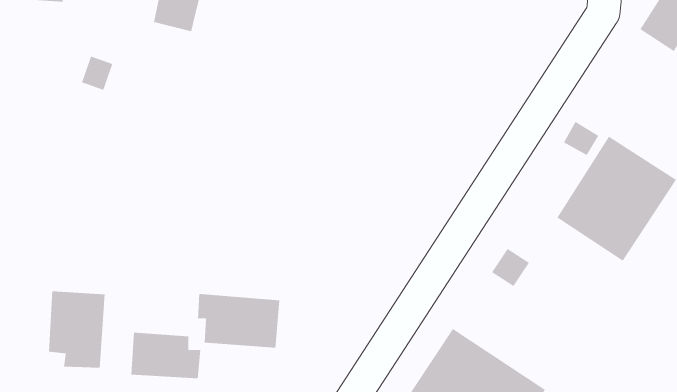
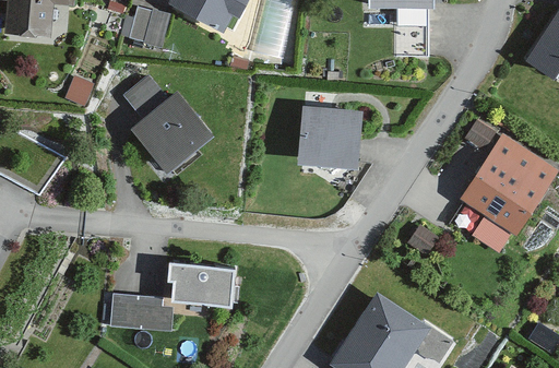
building: none -> [127,73,212,166]
building: none -> [297,98,360,161]
building: [49,290,105,369] -> none

